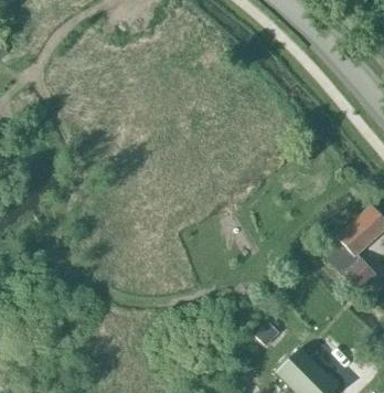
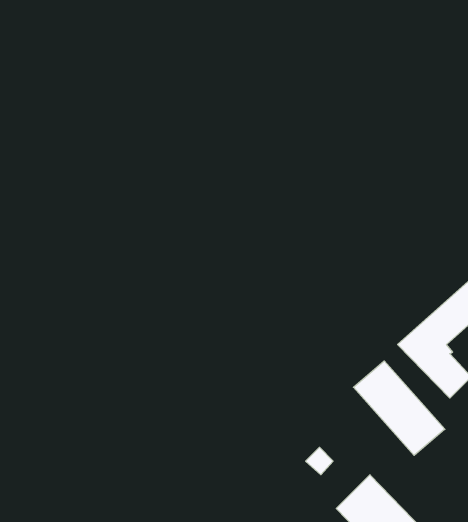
building: none -> [353,361,445,455]

